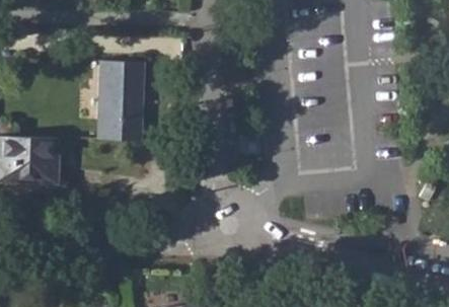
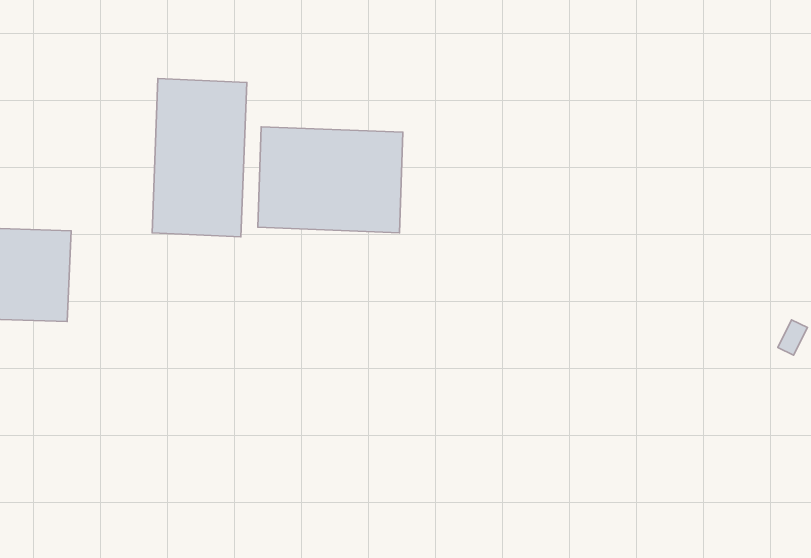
building: none -> [258,127,403,233]

